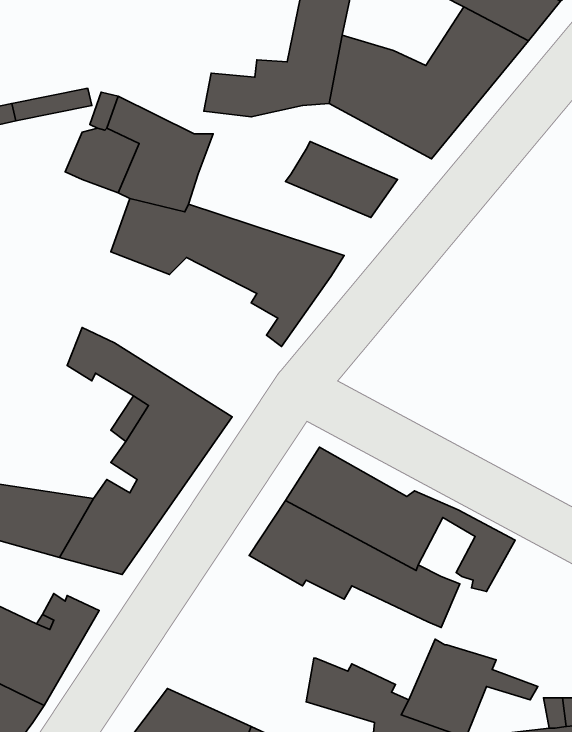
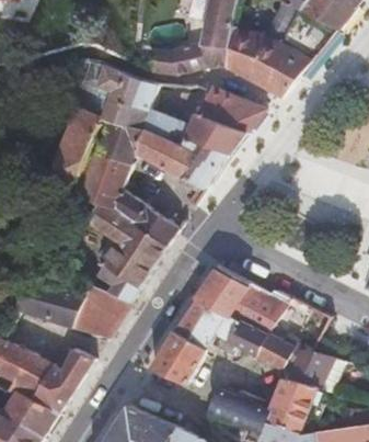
building: none -> [141,103,246,155]
building: none -> [55,111,101,184]
building: none -> [80,152,178,248]
building: none -> [151,328,207,383]
building: none -> [287,344,331,388]

